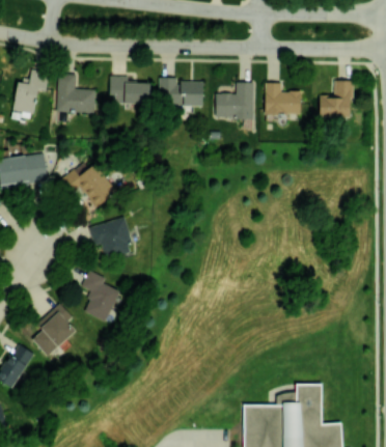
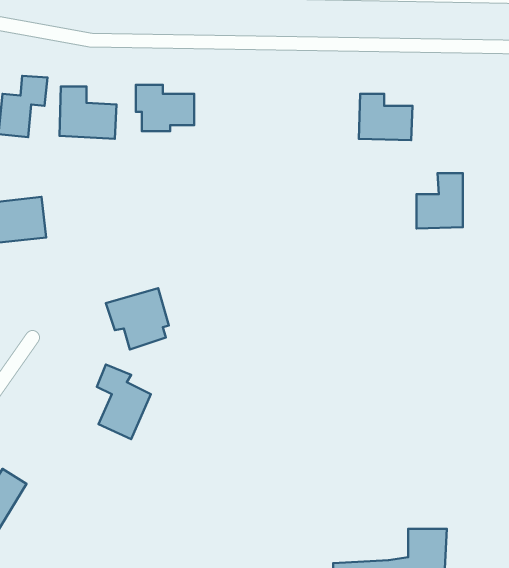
building: [159,77,203,106] -> none
building: [319,80,351,118] -> [417,173,463,229]
building: [215,82,254,118] -> none
building: [59,163,116,207] -> none
building: [29,306,76,356] -> none

